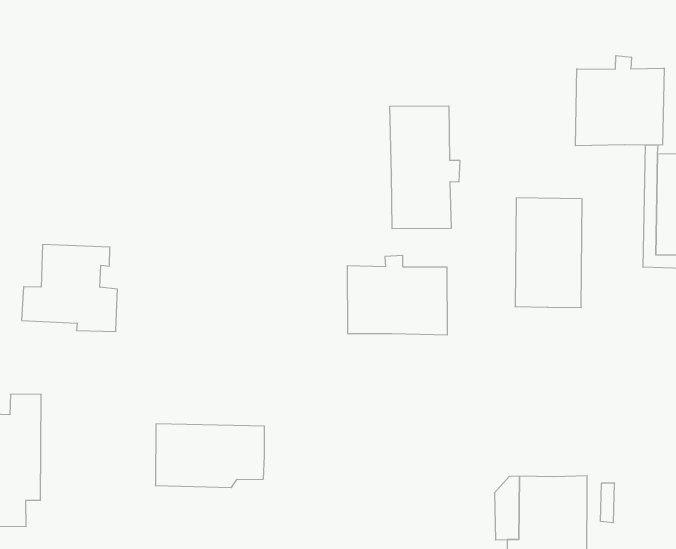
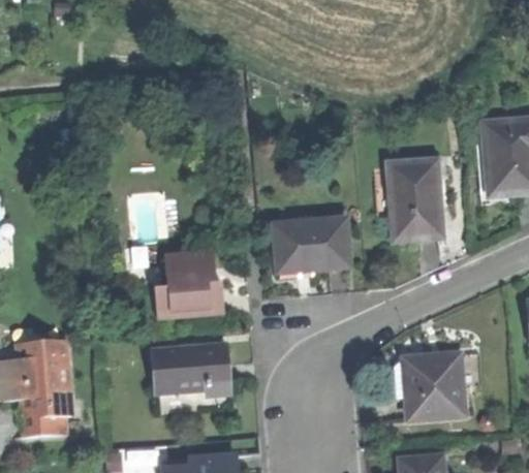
building: [576,56,664,146] -> none
building: [390,106,460,229] -> none
building: [22,245,117,332] -> [156,252,224,313]

